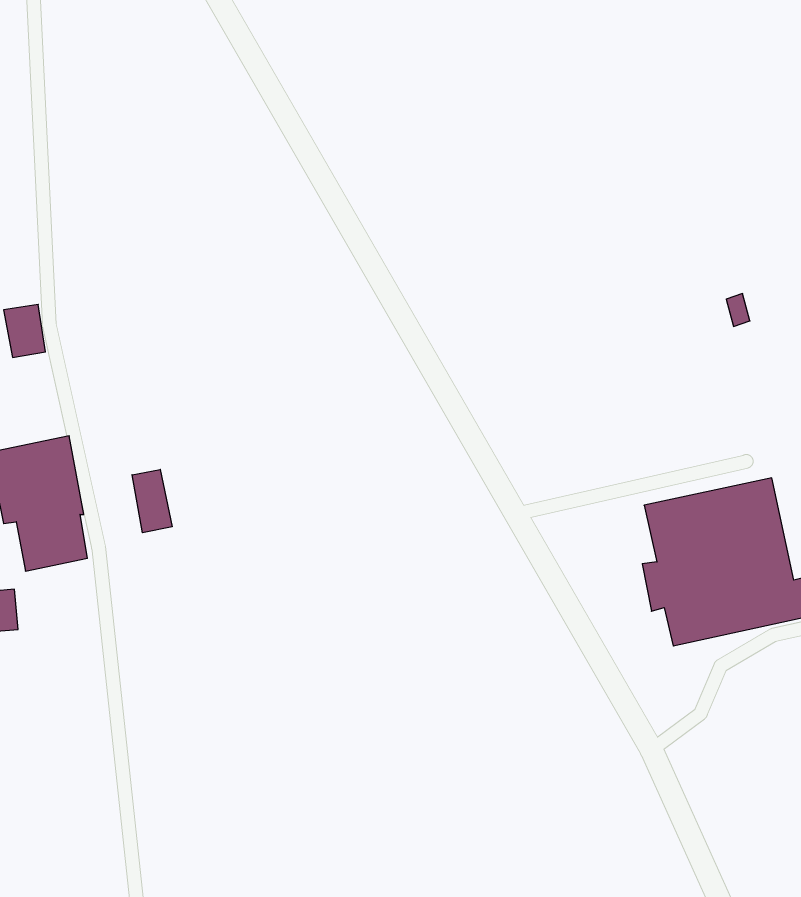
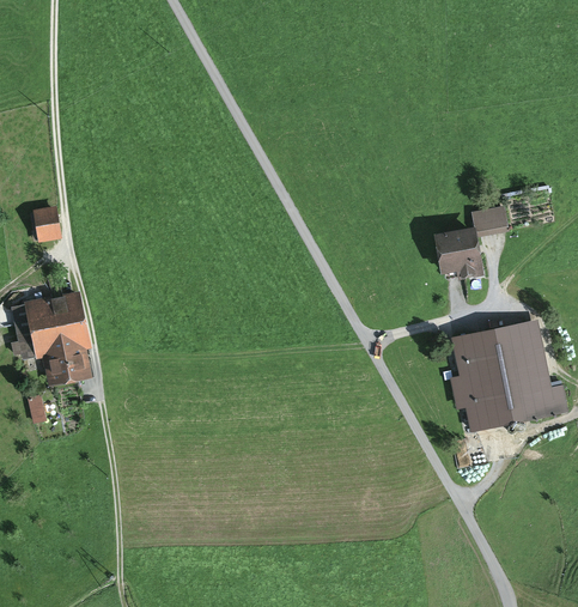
building: none -> [433,208,504,277]
building: [132,469,172,533] -> none

